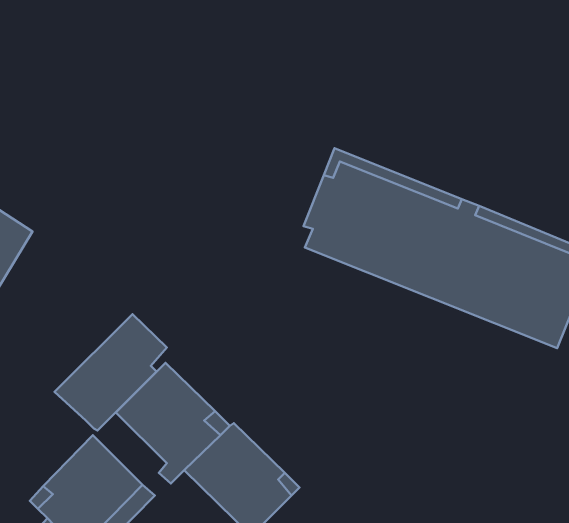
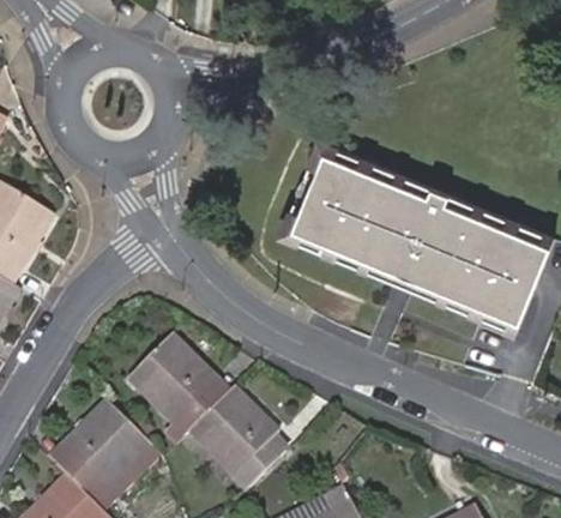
building: none -> [284,212,520,330]
building: [55,314,167,430] -> none

